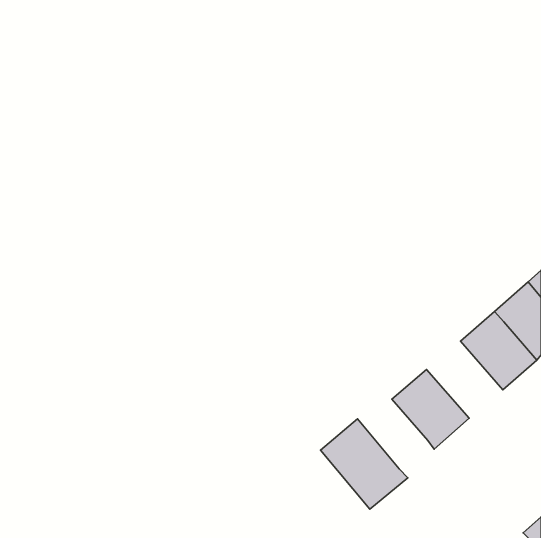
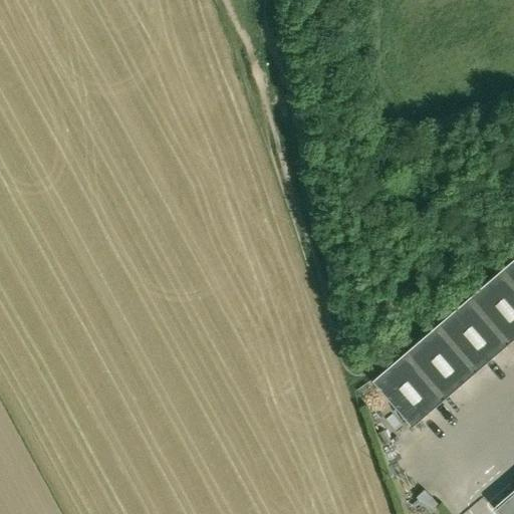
building: none -> [405,326,477,400]
building: [321,419,408,509] -> none

